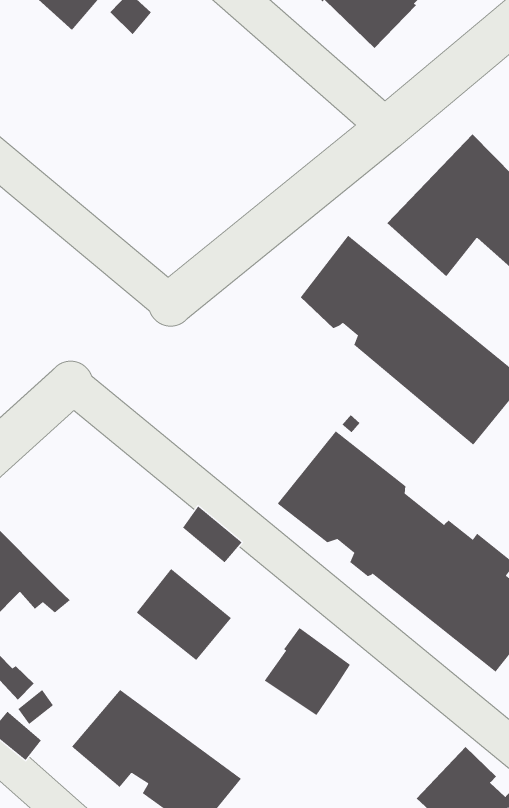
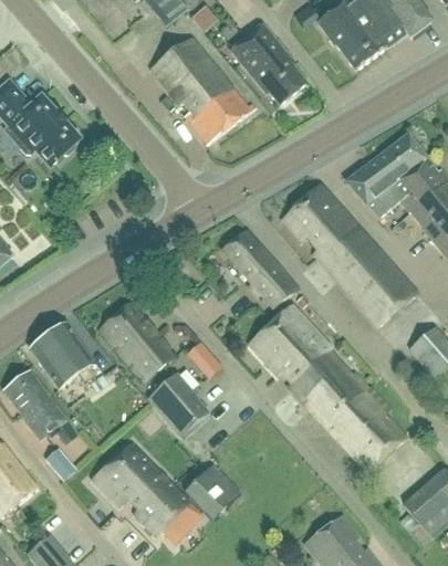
building: none -> [230,27,306,104]
building: none -> [152,36,256,144]
building: none -> [222,229,295,306]
building: none -> [98,302,175,381]
building: [264,627,351,716] -> [185,462,241,520]

